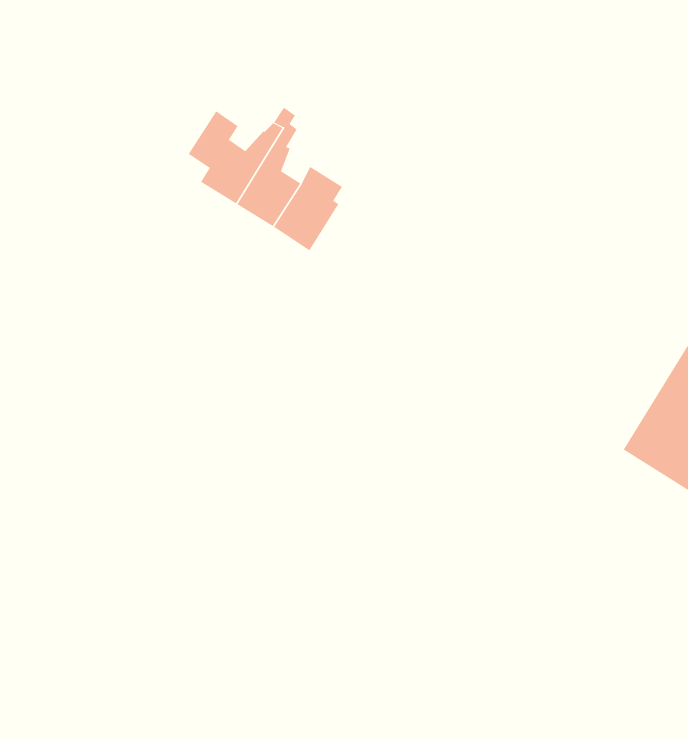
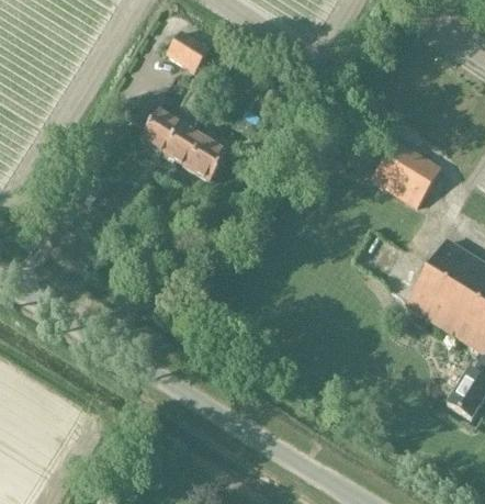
building: none -> [166,32,208,72]
building: none -> [368,138,439,208]

